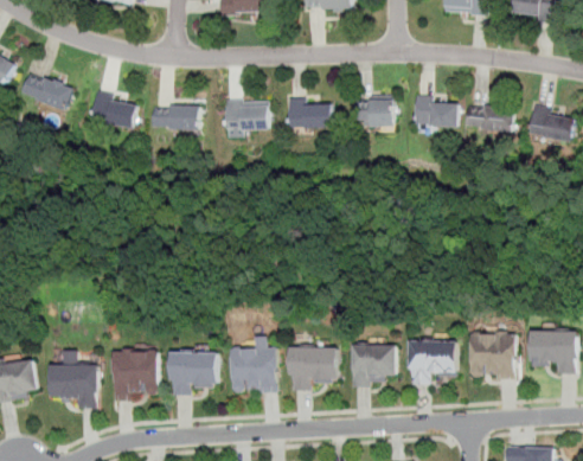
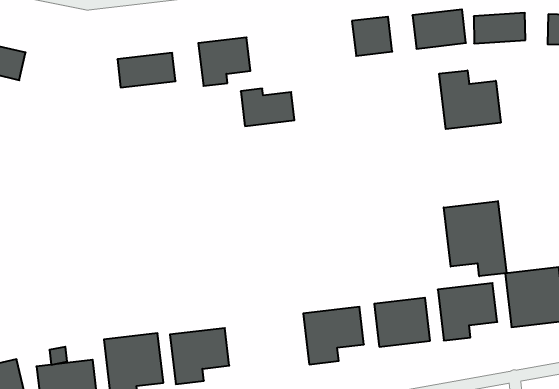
building: [89,94,137,130] -> none
building: [287,97,331,128] -> [241,89,294,126]
building: none -> [439,70,501,129]
building: none -> [444,201,506,276]
building: [231,337,277,393] -> none

